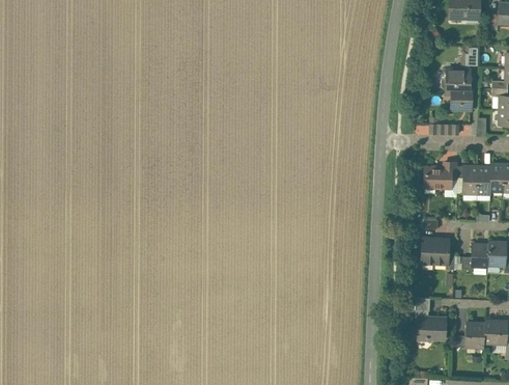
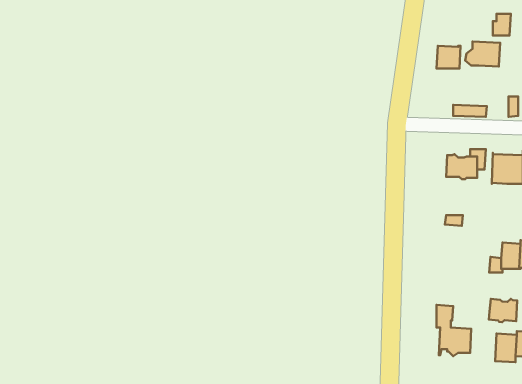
building: [451,90,472,110] -> [437,46,461,68]
building: [422,238,449,265] -> none
building: none -> [489,299,517,322]

